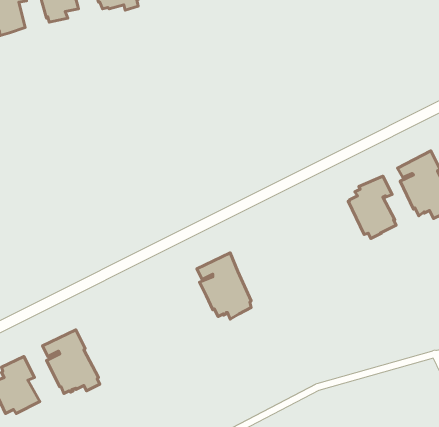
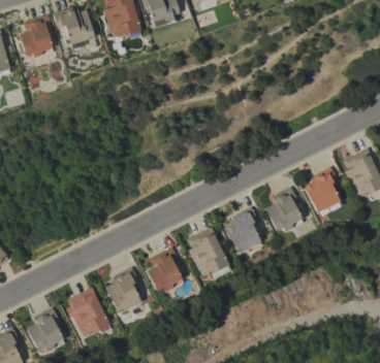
building: none -> [264,187,303,231]
building: none -> [224,207,263,253]
building: none -> [147,246,183,292]
building: none -> [104,267,140,312]

